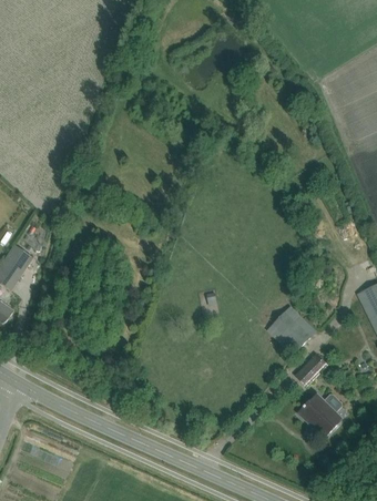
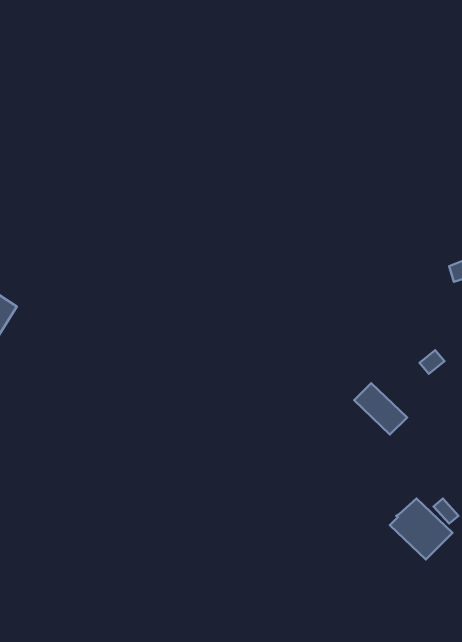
building: [295,352,326,385] -> none

